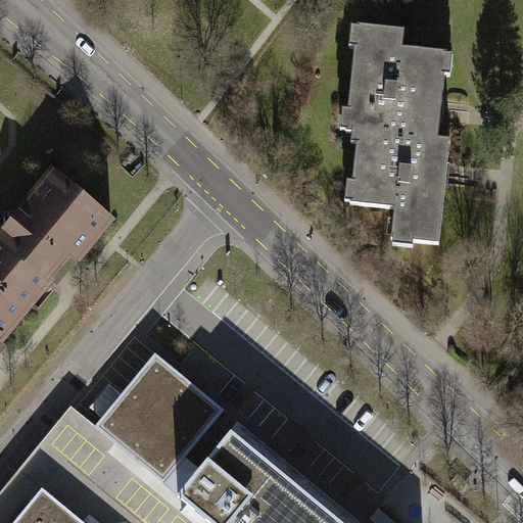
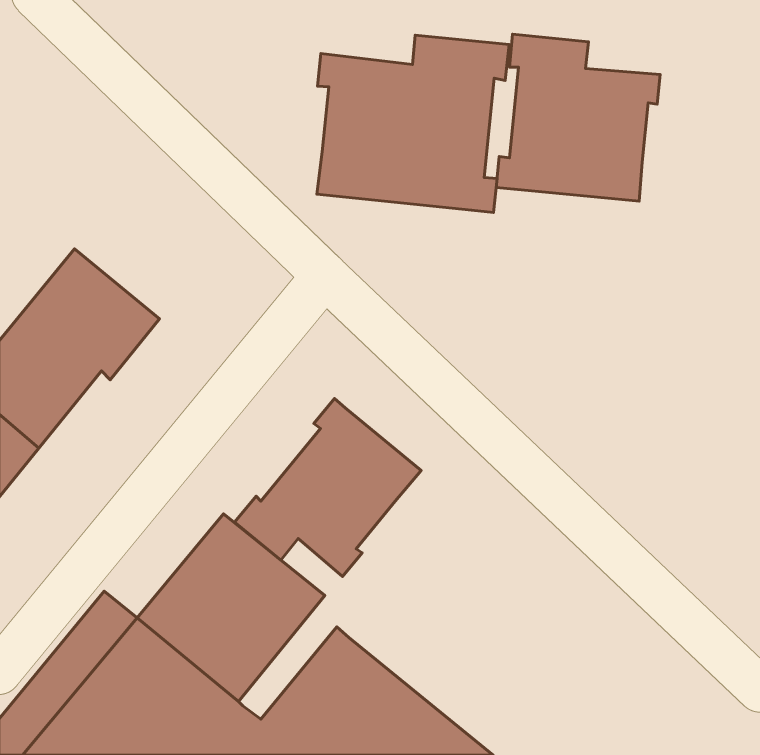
building: none -> [317,35,509,213]
building: [345,130,448,245] -> none
building: none -> [235,399,421,577]

